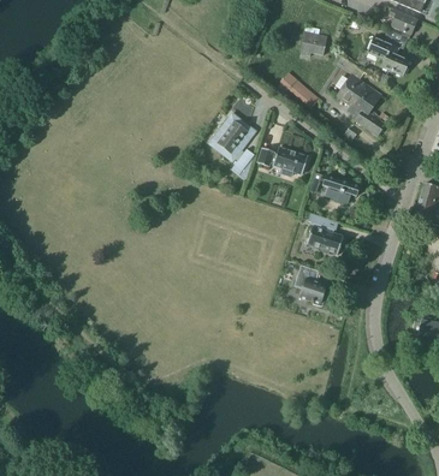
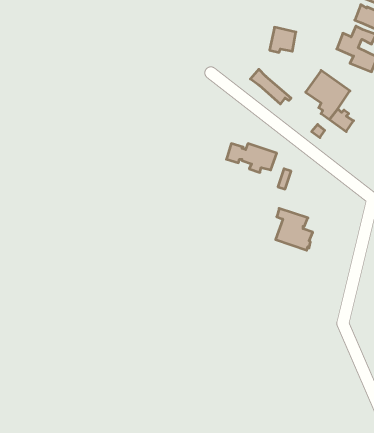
building: [216,113,254,180] -> none
building: [321,175,358,203] -> none
building: [292,264,326,305] -> none

